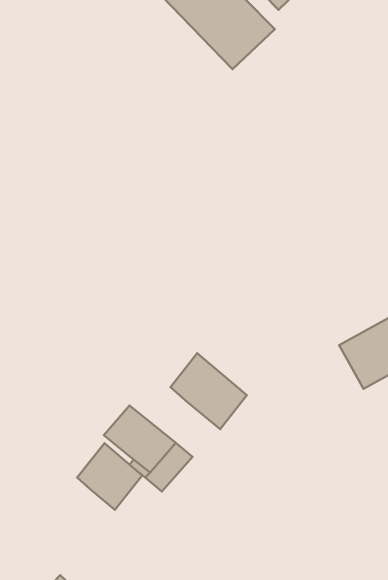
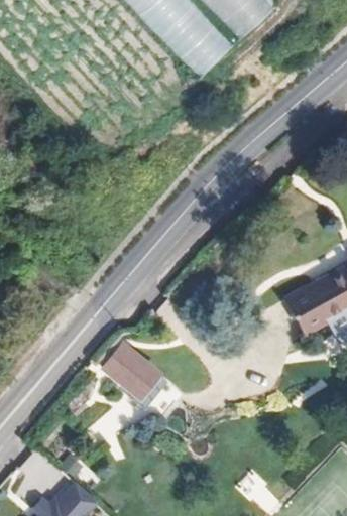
building: [171,353,247,429] -> none
building: [77,443,142,510] -> none

